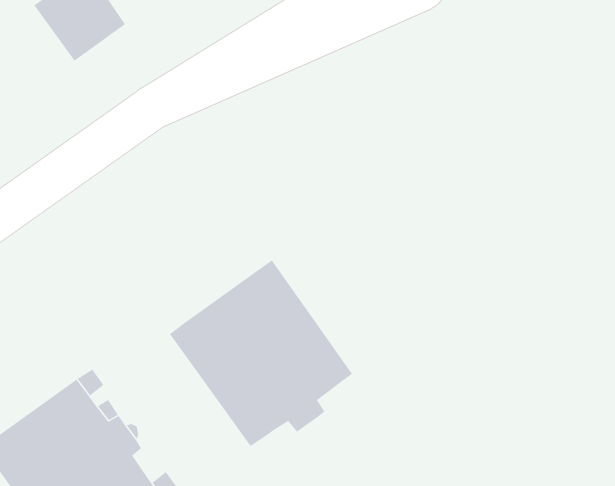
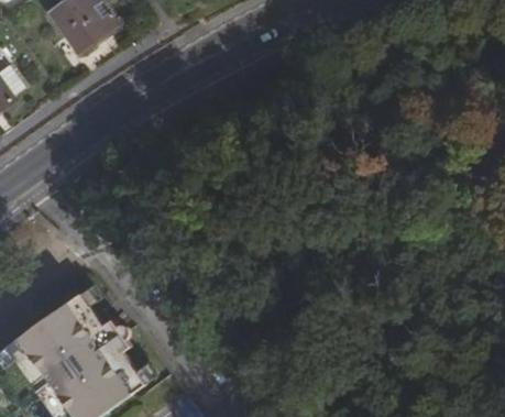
building: [169,260,353,447] -> none

